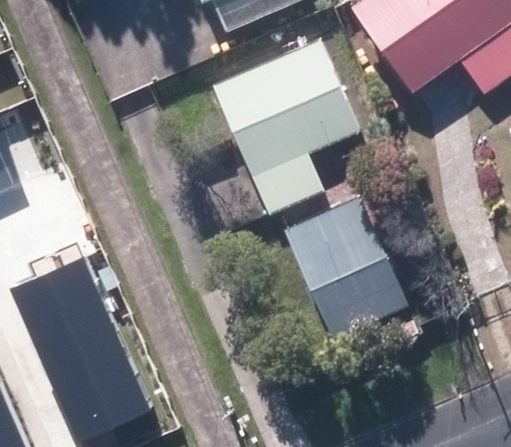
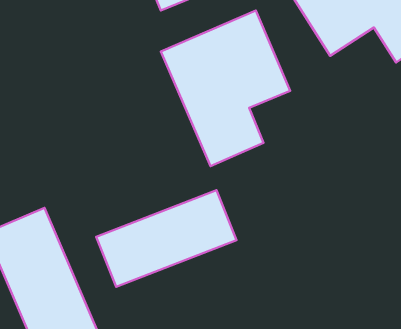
building: [288,199,408,338] -> none
building: none -> [96,190,237,287]

